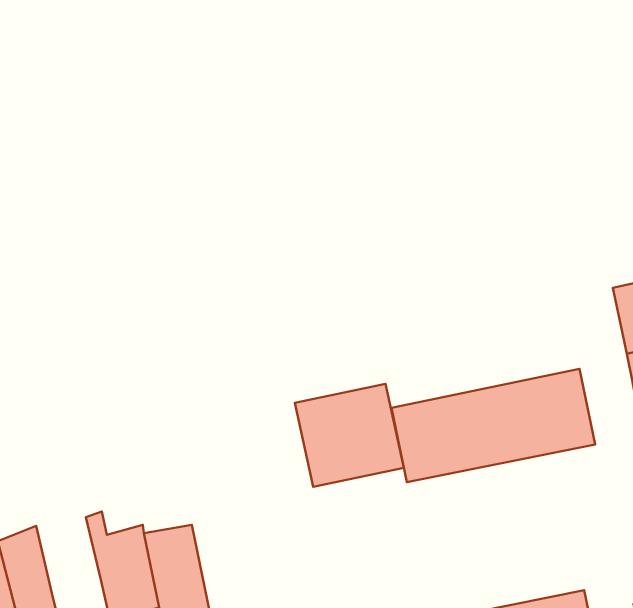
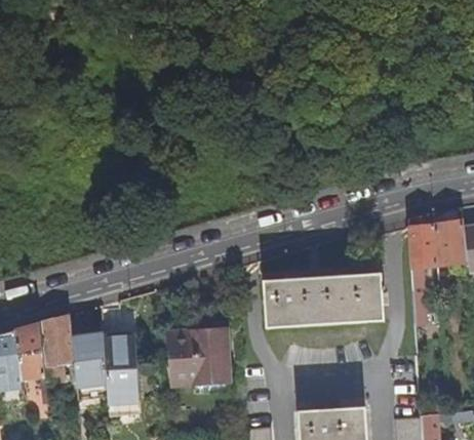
building: [295,384,404,487] -> [169,328,230,385]
building: none -> [39,314,74,364]

